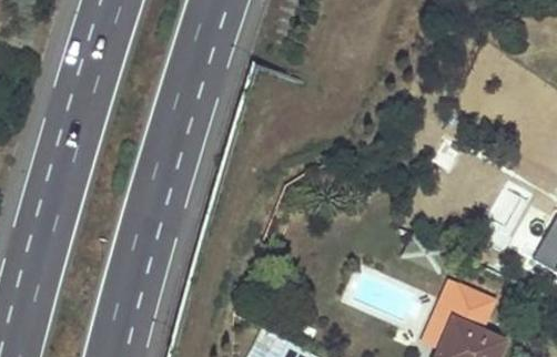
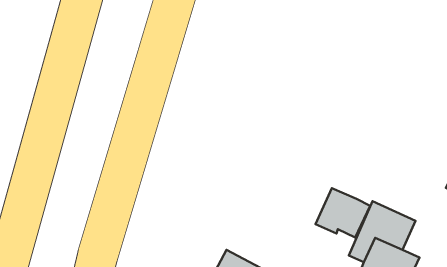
building: none -> [316,188,370,237]

